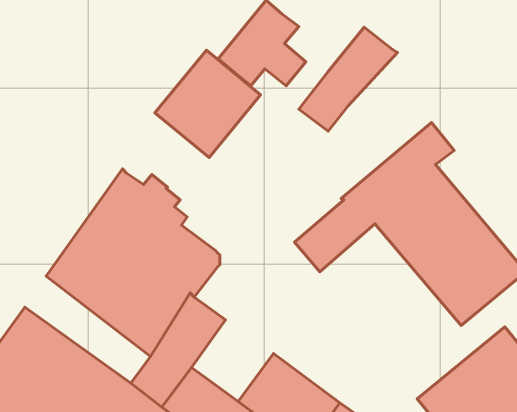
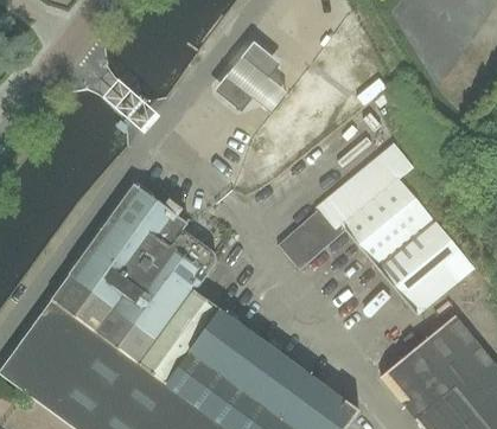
building: [299,27,397,131] -> none
building: [155,50,261,158] -> none
building: none -> [51,274,157,364]
building: none -> [191,310,260,379]

